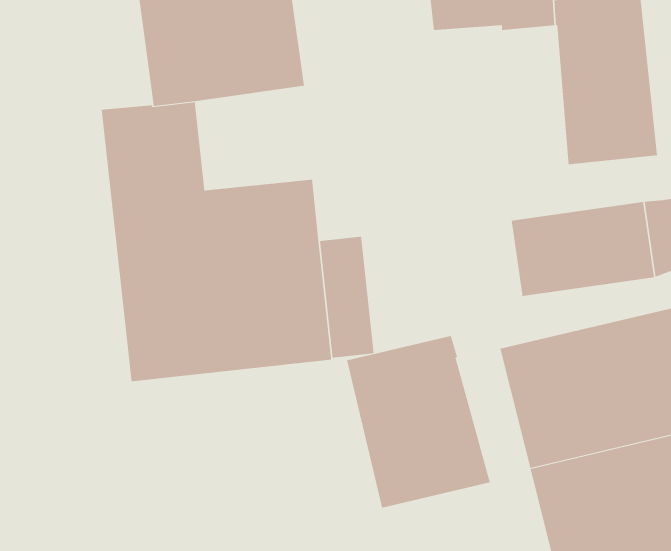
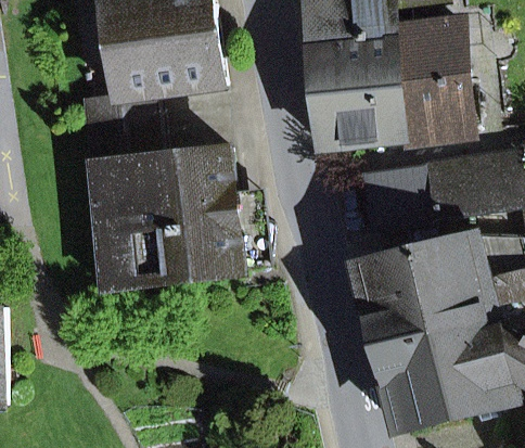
building: none -> [308,43,400,148]
building: [346,335,490,509] -> none

